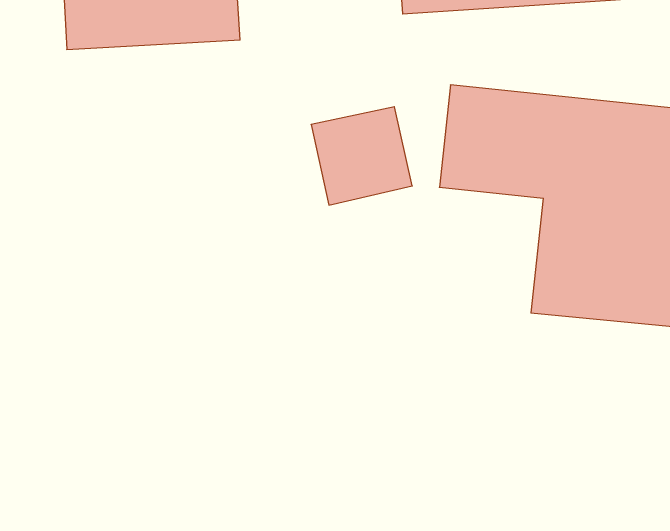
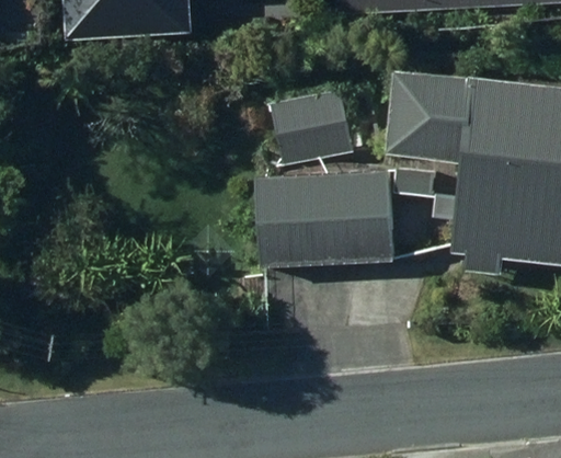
building: none -> [248,170,391,267]

